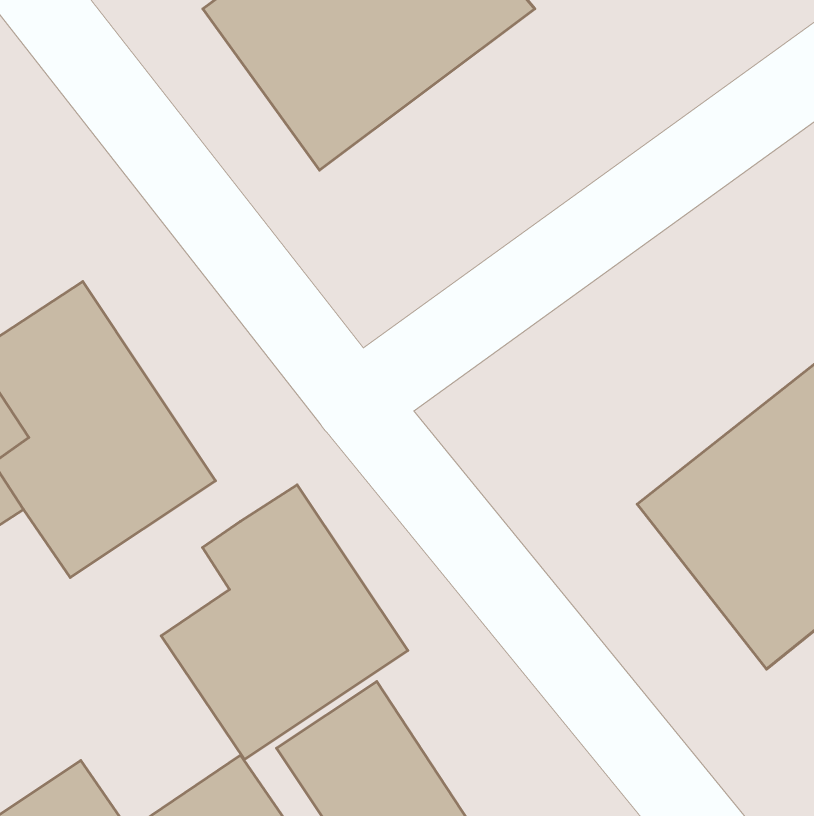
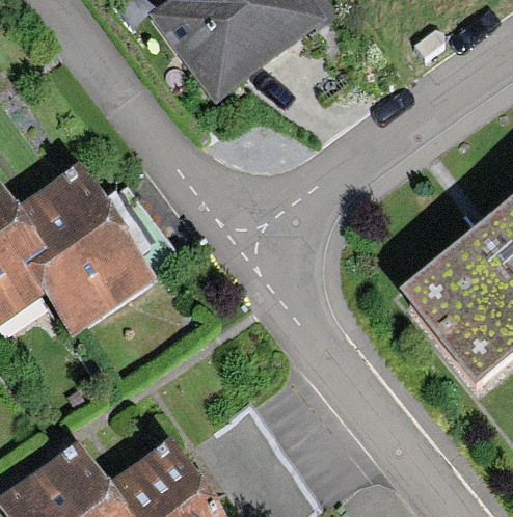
building: [161,485,408,759] -> none

